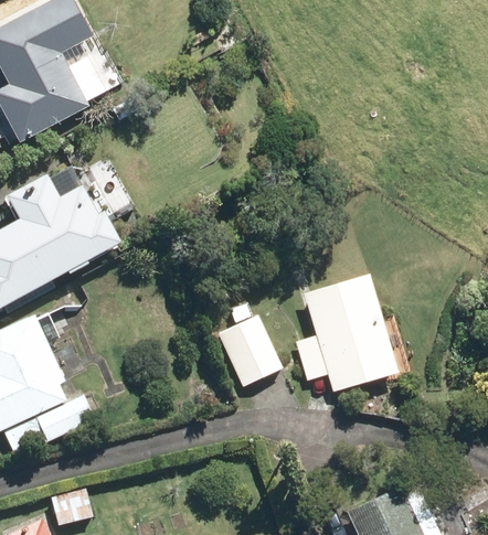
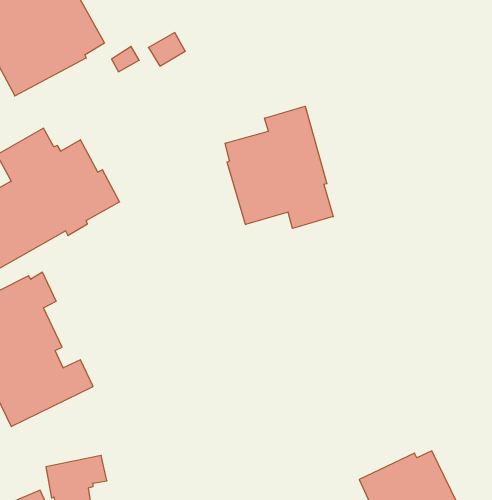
building: none -> [225,106,333,228]
building: [293,274,397,390] -> none
building: [216,301,280,387] -> none

